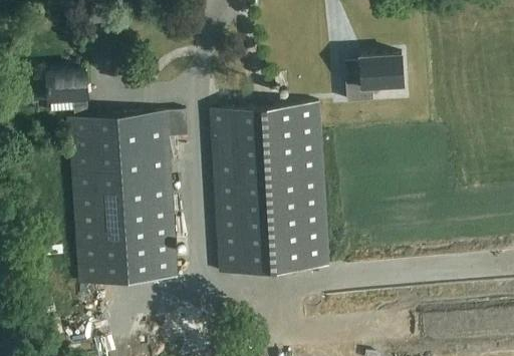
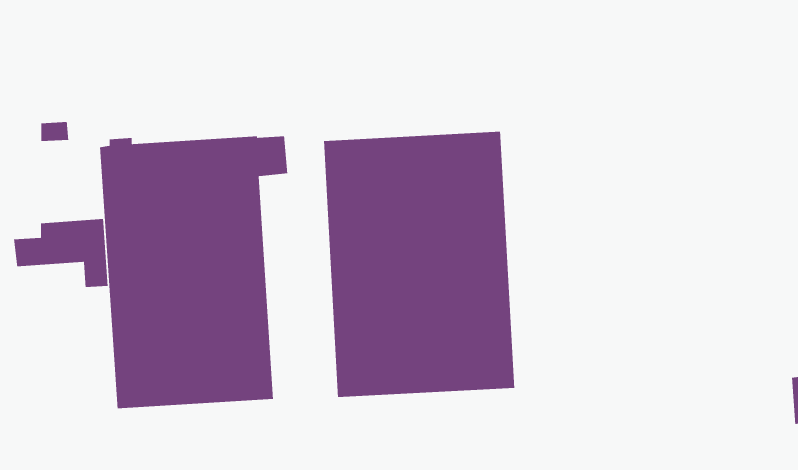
building: [346,52,405,100] -> none
building: [29,68,89,112] -> [13,218,109,288]

